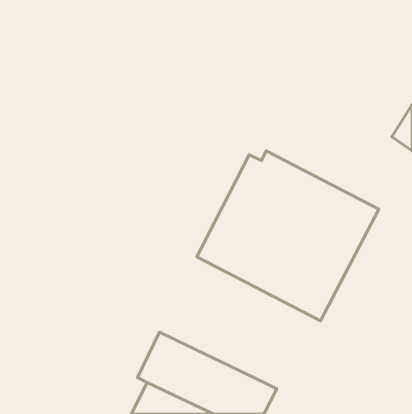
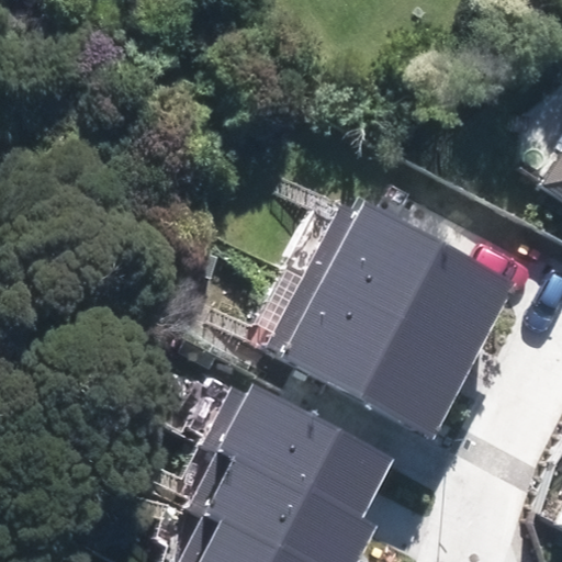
building: none -> [202,381,391,519]

